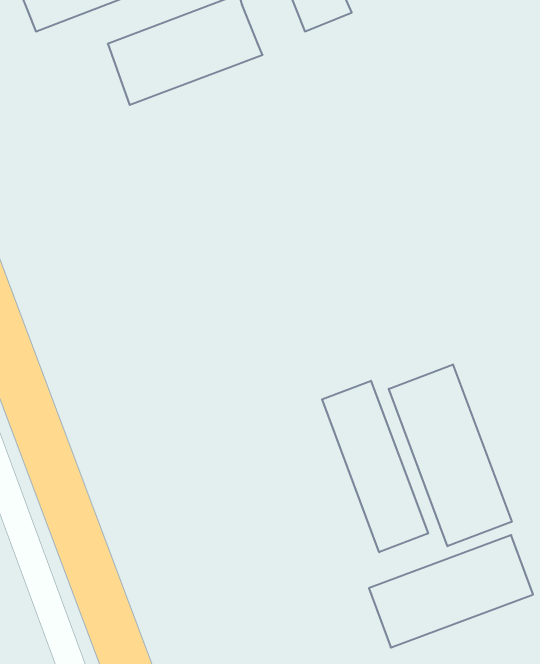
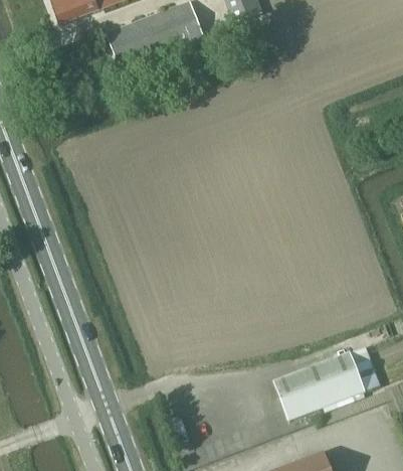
building: [389,364,512,546] -> none
building: [322,381,428,552] -> none

